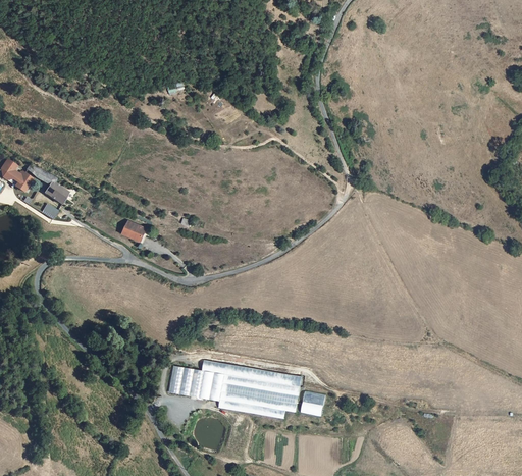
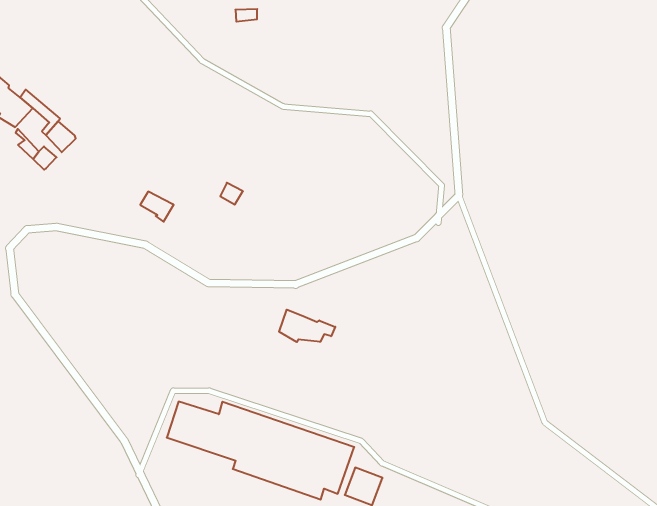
building: none -> [279,310,335,342]

